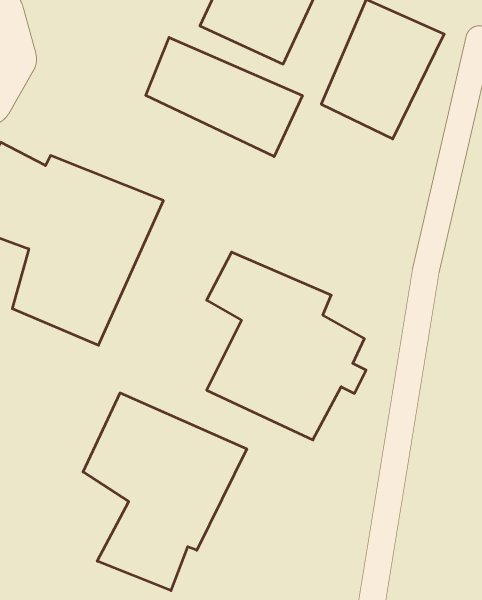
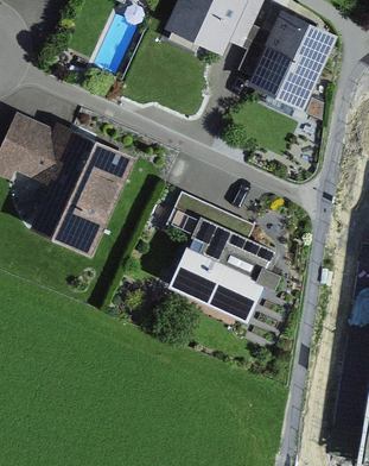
building: [146,37,302,157] -> none
building: [83,393,247,591] -> none

